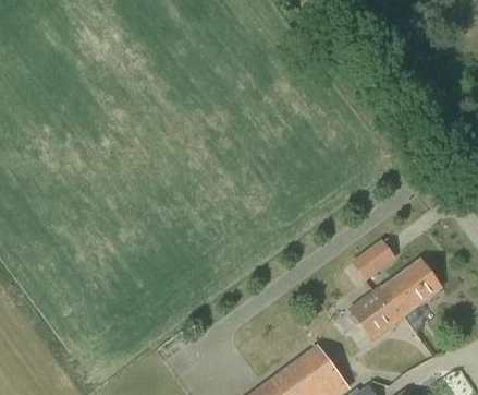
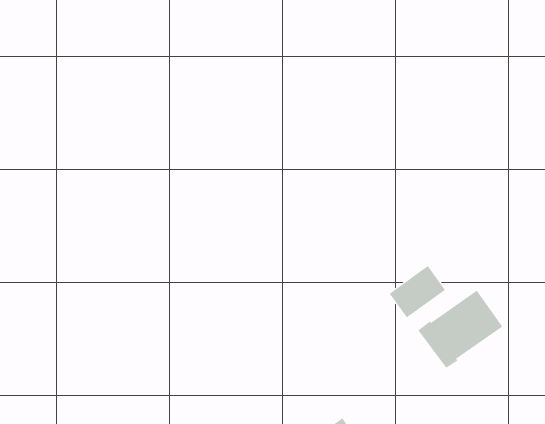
building: [348,289,405,339] -> none

